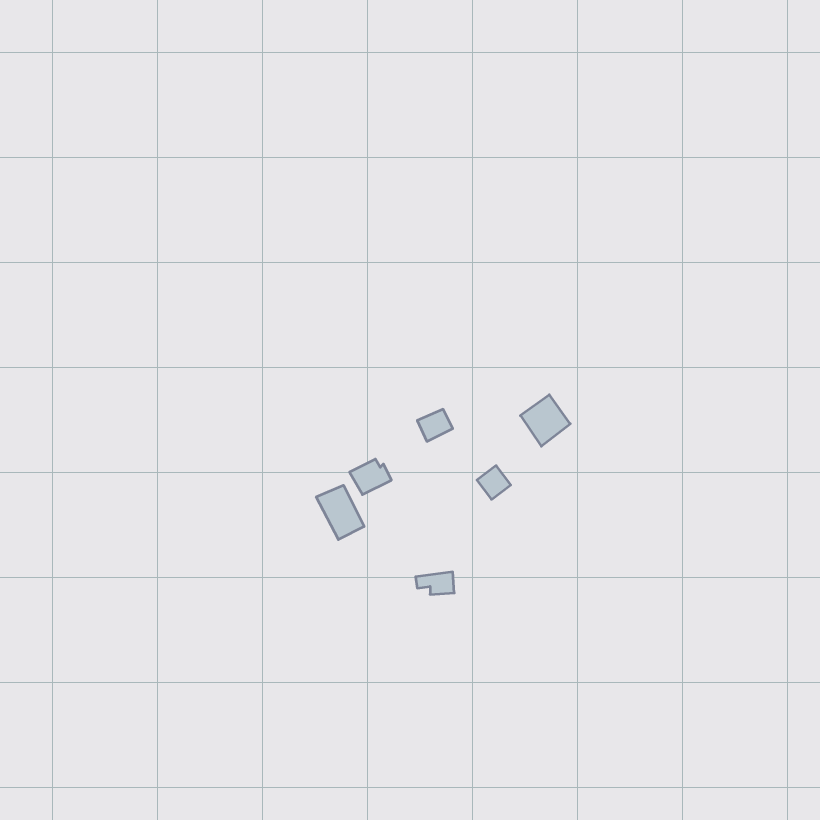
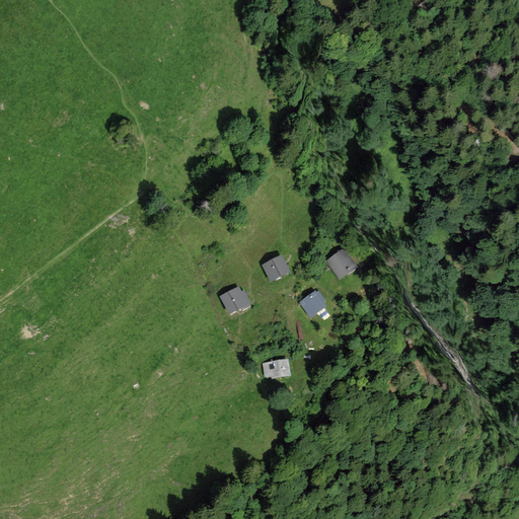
building: [316,485,364,540] -> none

